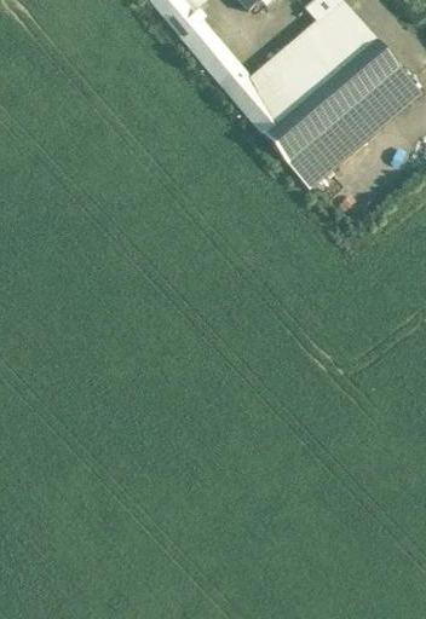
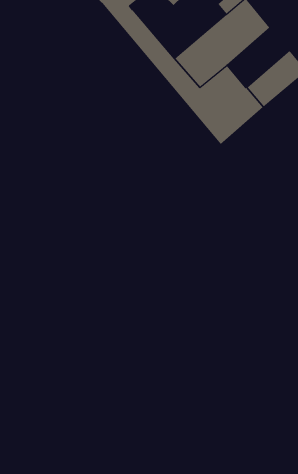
building: [318,36,399,114] -> none

